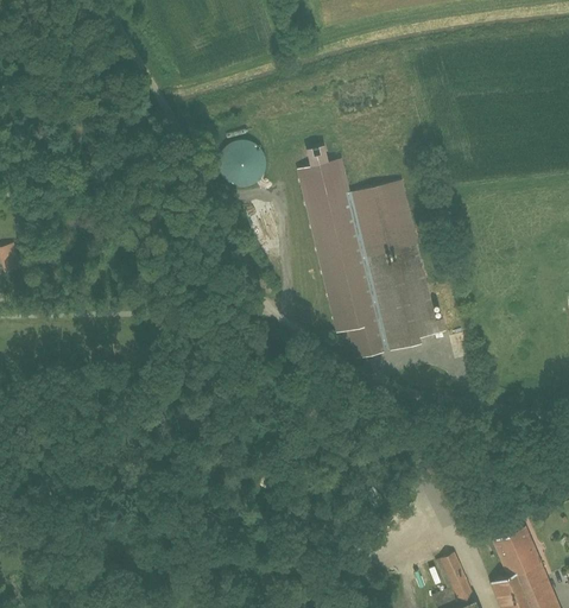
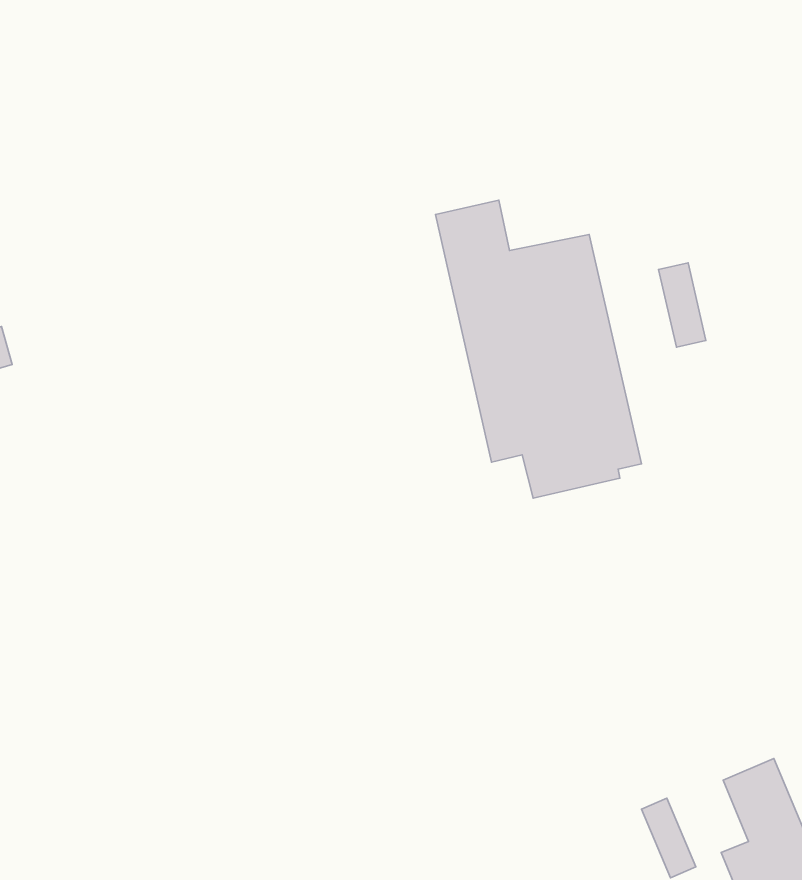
building: [217,139,265,186] -> none
building: none -> [659,263,706,347]

